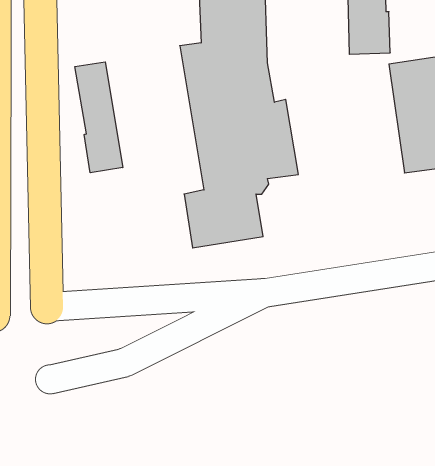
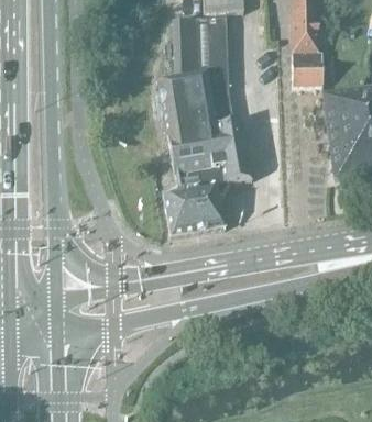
building: [75,62,123,173] -> none

